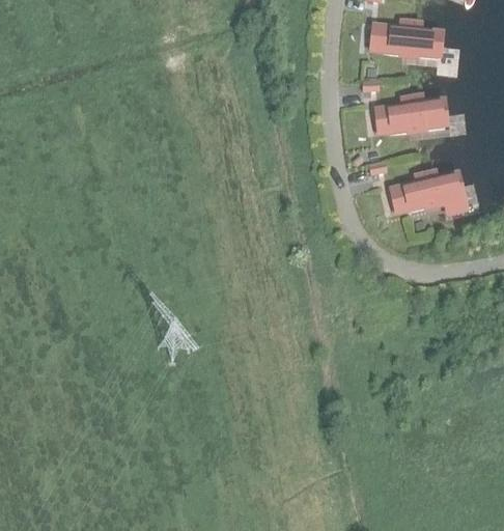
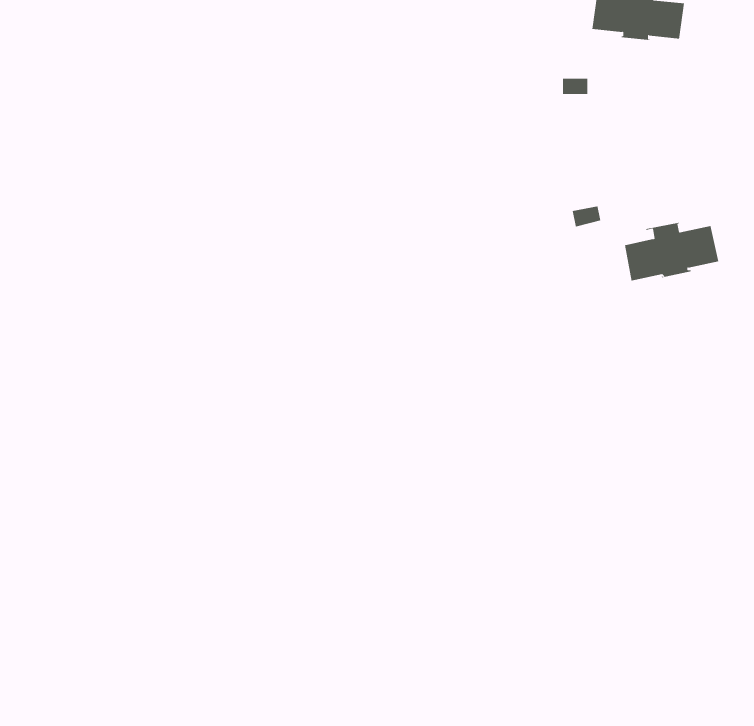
building: [384,99,443,133] -> none

